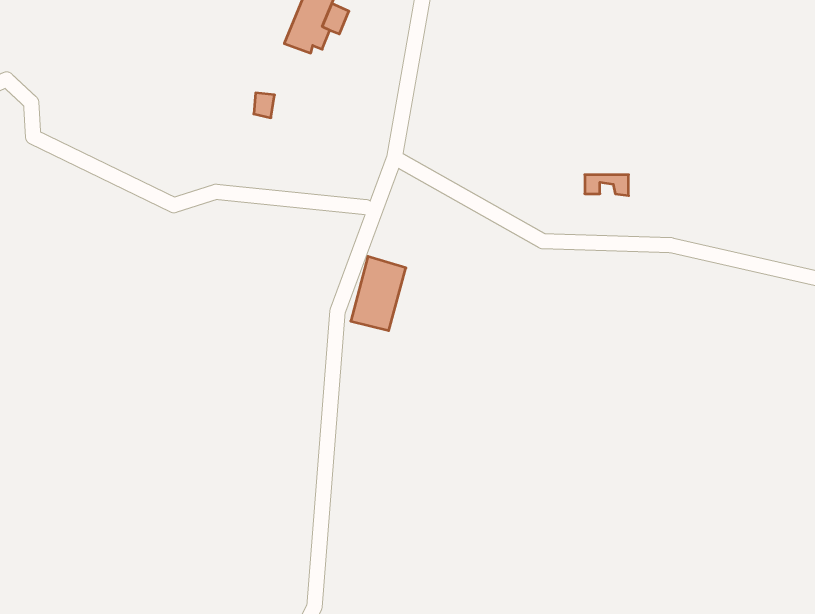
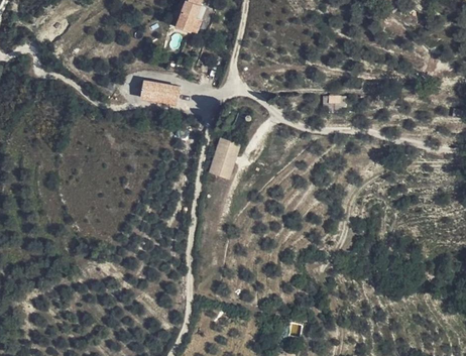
building: none -> [146,82,181,105]

